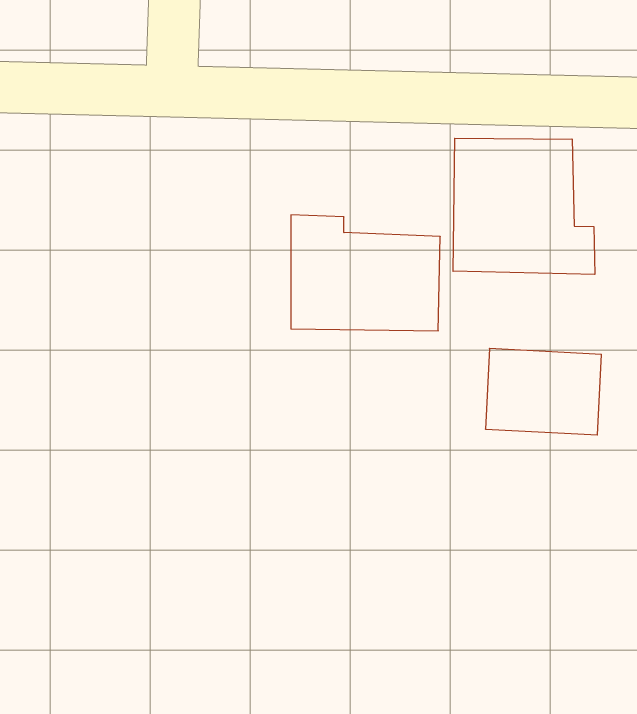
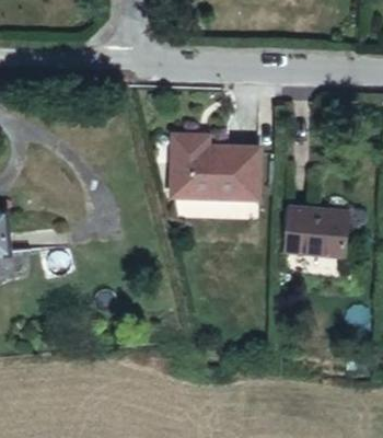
building: [453,138,595,274] -> none

